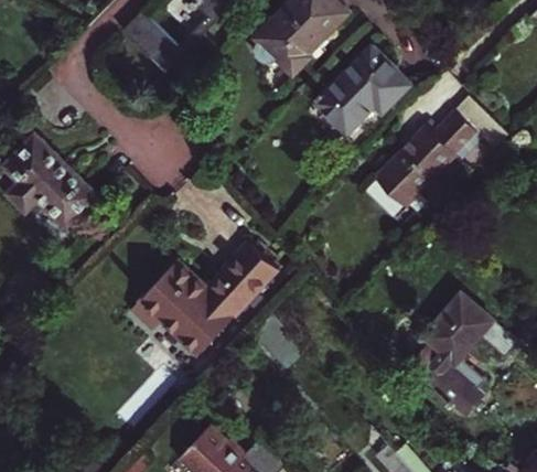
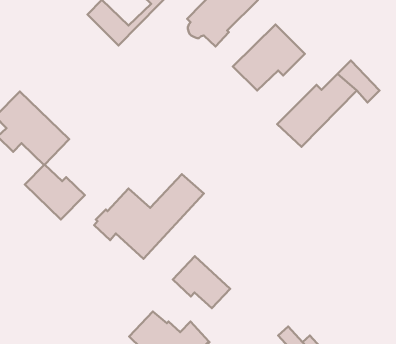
building: none -> [25,165,85,219]
building: [402,293,517,414] -> none
building: none -> [173,256,230,308]

